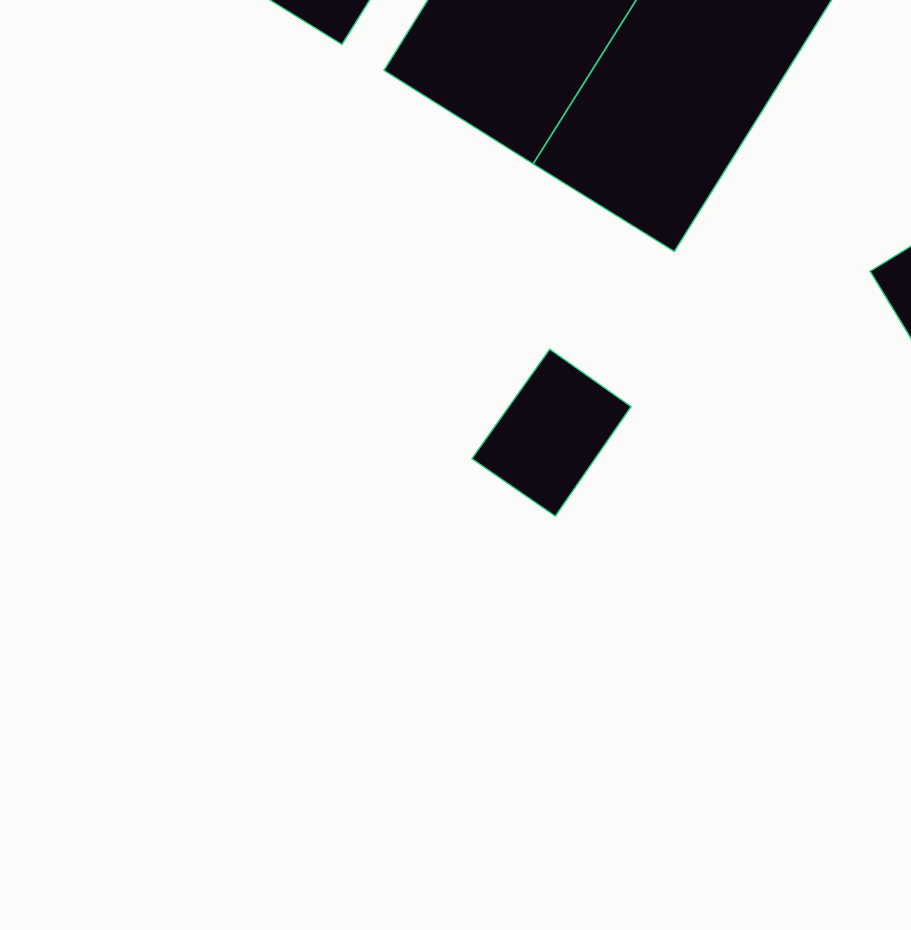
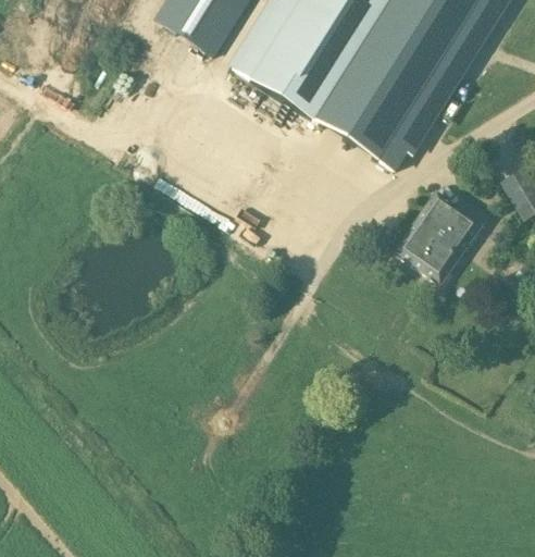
building: [472,349,631,516] -> [397,189,484,281]

